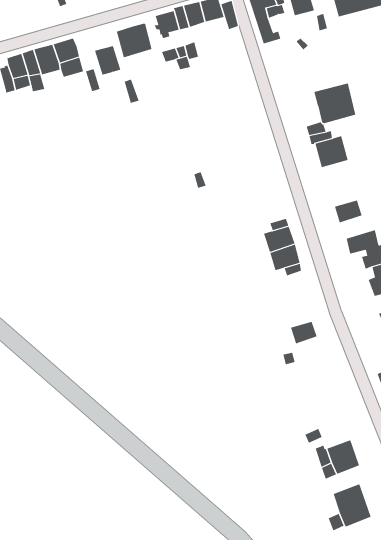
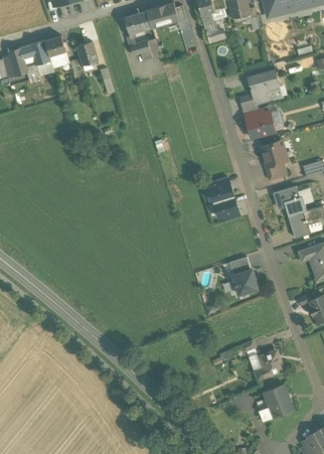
building: [116,23,152,58] -> none
building: none -> [260,143,284,167]
building: none -> [231,269,258,294]

